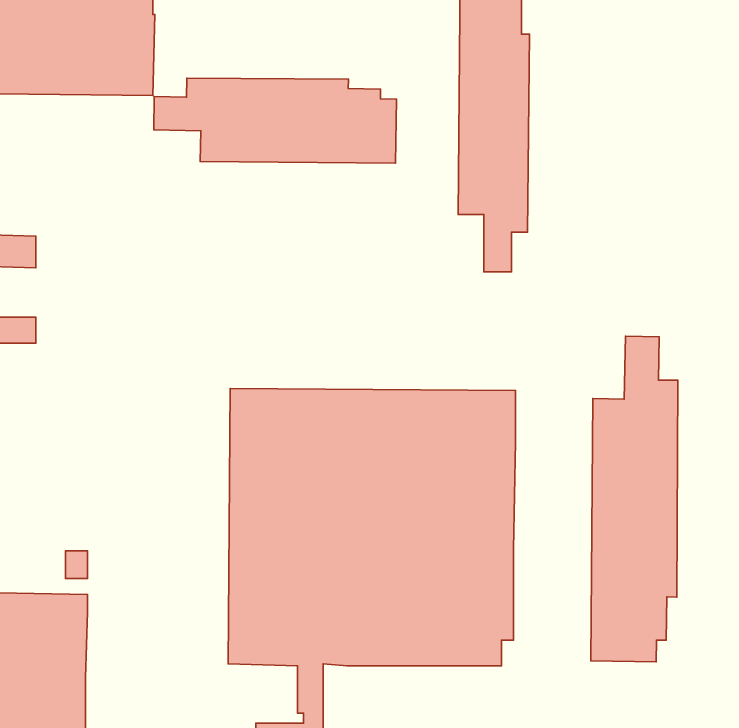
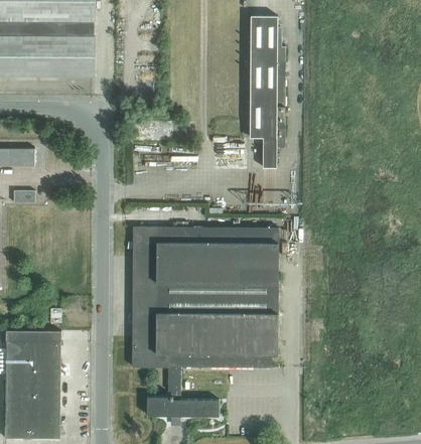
building: [154,78,397,163] -> none
building: [591,336,678,662] -> none

